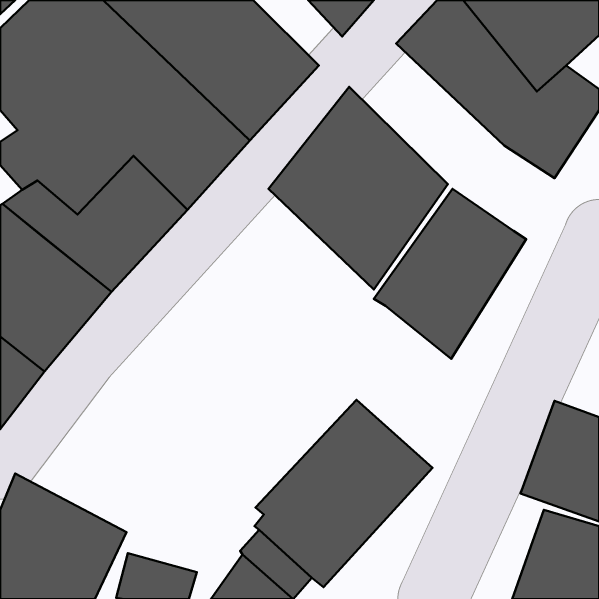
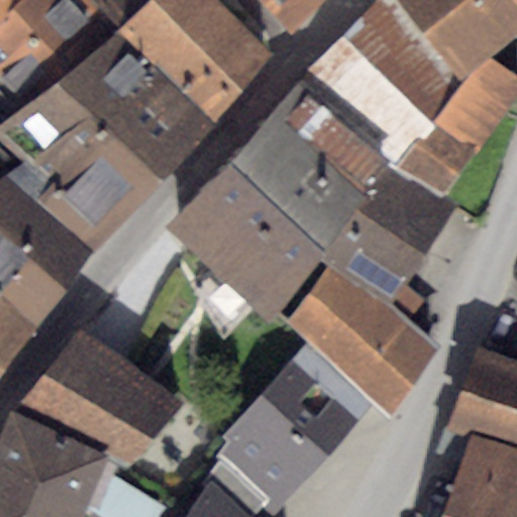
building: none -> [301,37,478,199]
building: none -> [164,163,322,323]
building: none -> [292,264,437,418]
building: none -> [13,330,180,468]

